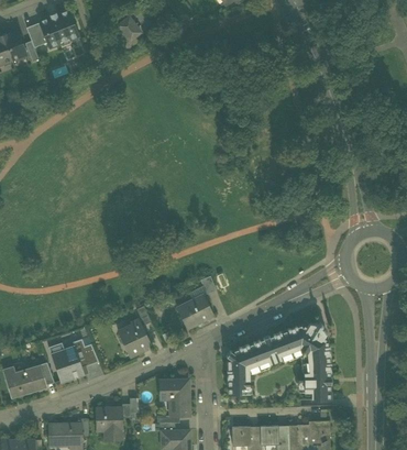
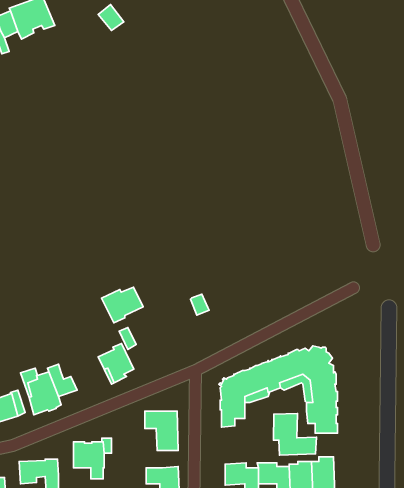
building: [176,297,213,329] -> [101,287,143,323]
building: none -> [273,413,316,455]

